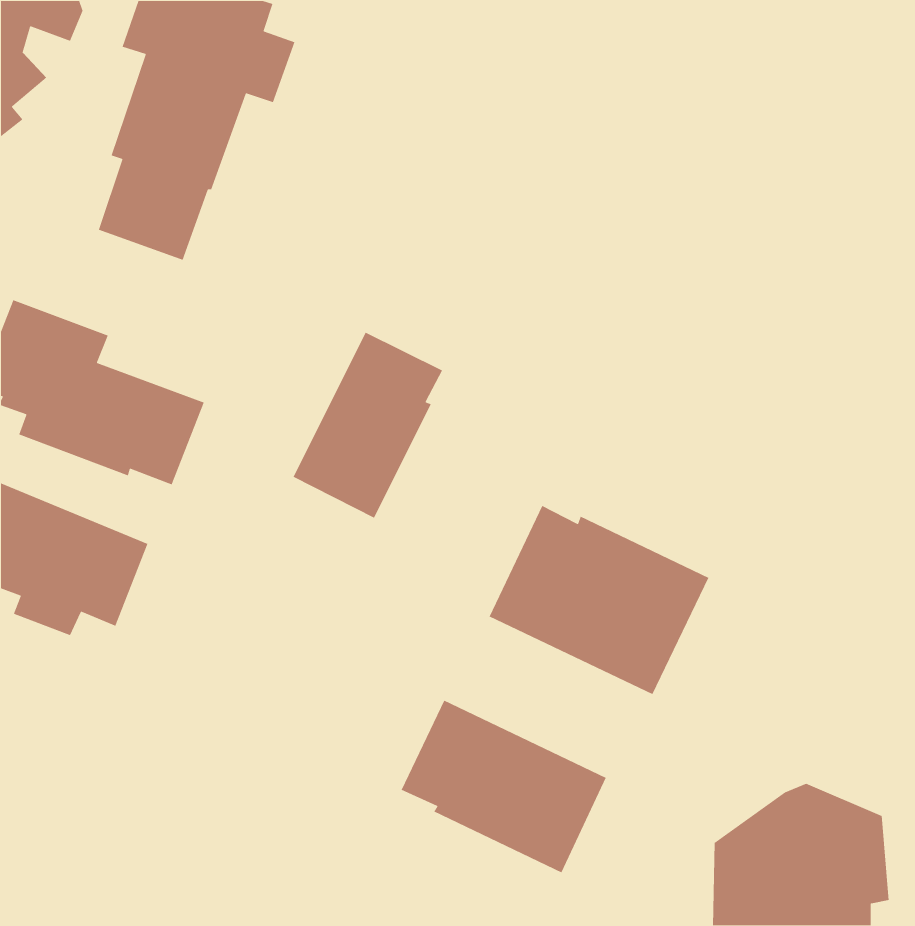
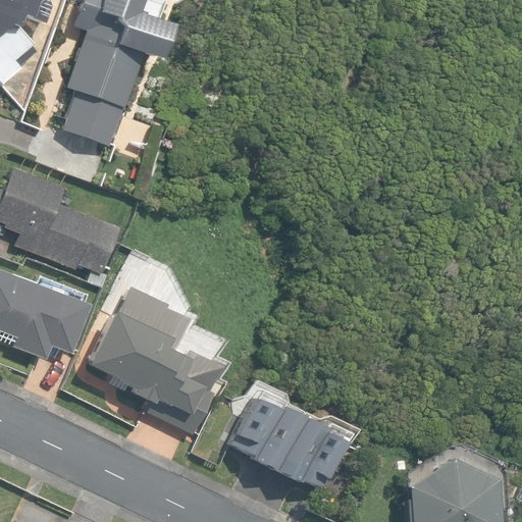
building: [292,331,443,519] -> none
building: [489,505,710,695] -> none
building: none -> [87,309,215,435]

